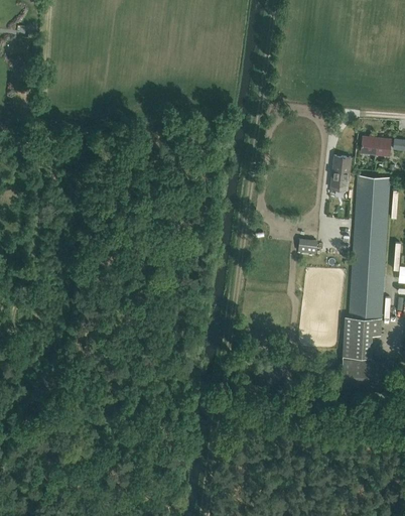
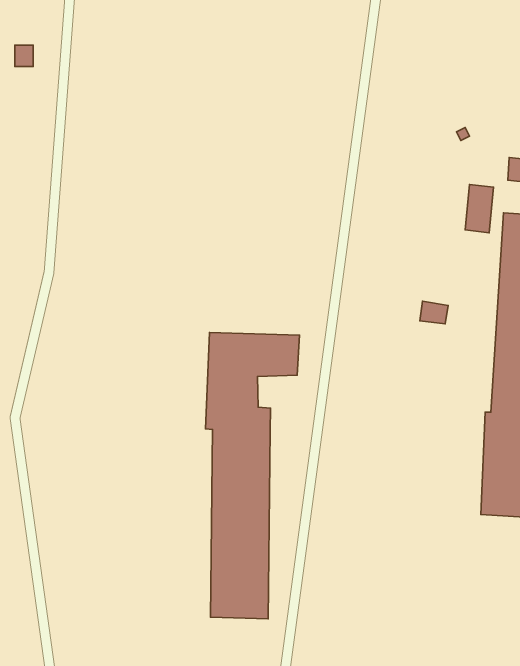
building: none -> [205,333,299,619]

